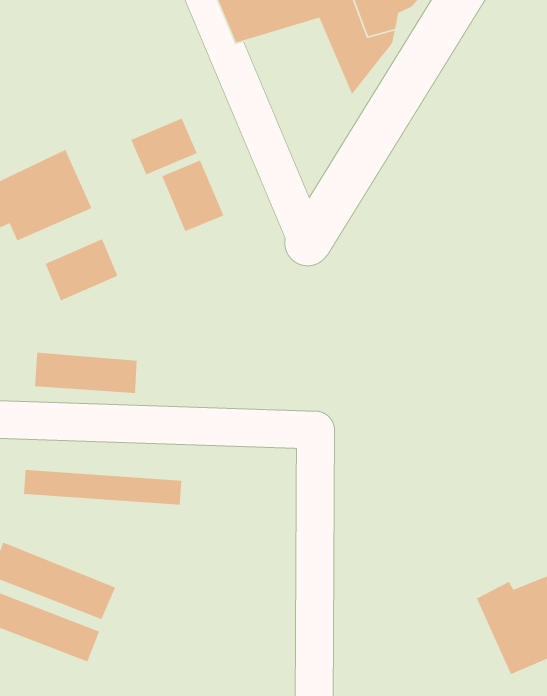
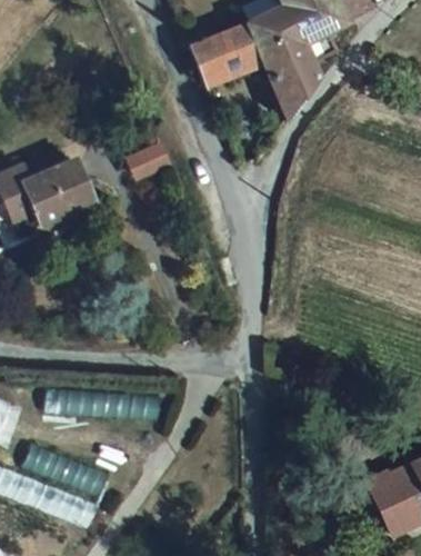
building: [161,160,224,232] -> none
building: [44,238,119,301] -> none
building: [34,352,138,394] -> none

